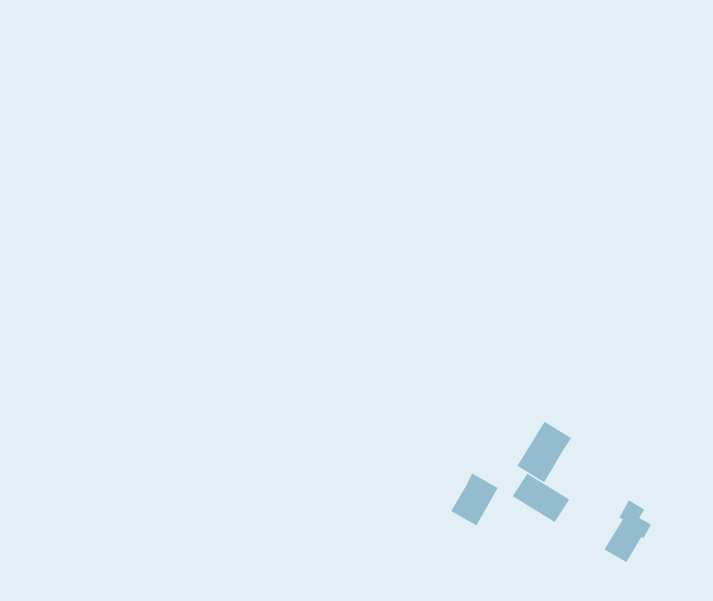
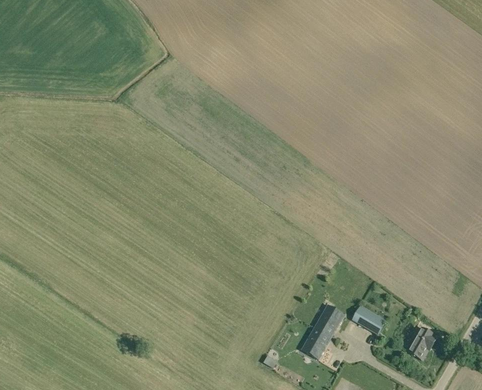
building: [517,421,572,483] -> none
building: none -> [301,327,330,358]

